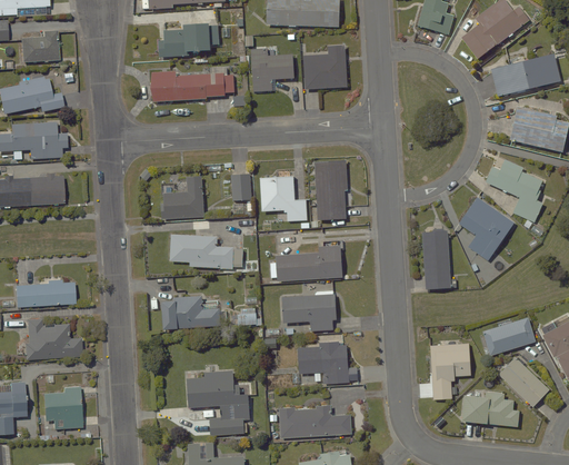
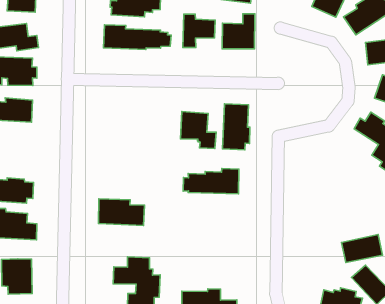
building: [231,174,254,201] -> none
building: [160,175,204,219] -> none
building: [458,197,513,260] -> none
building: [419,227,451,288] -> none
building: [170,233,234,268] -> none
building: [280,293,338,333] -> none
building: [430,340,471,399] -> none
building: [297,344,358,383] -> none

